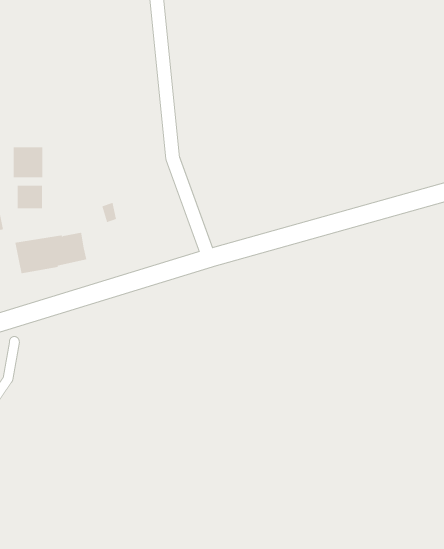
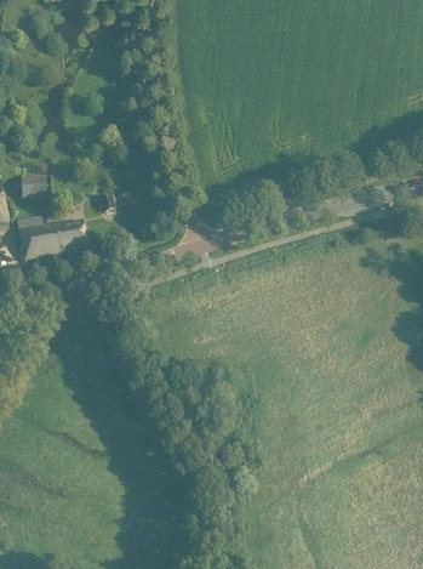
building: [13,147,43,178] -> none

